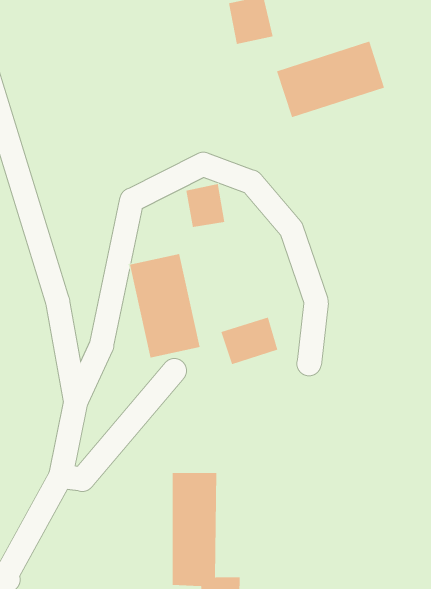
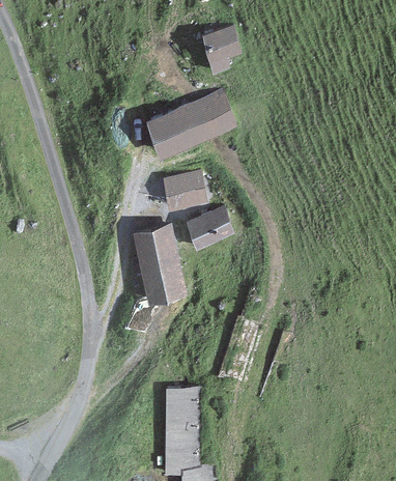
building: [276,41,385,118] -> [149,94,231,152]
building: [221,317,278,365] -> [189,207,232,244]

